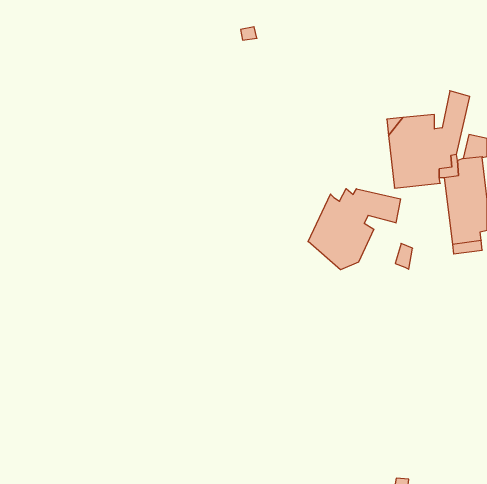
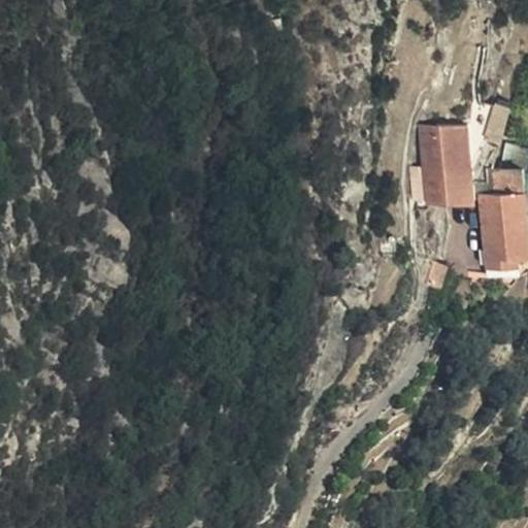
building: [308,189,401,270] -> none

